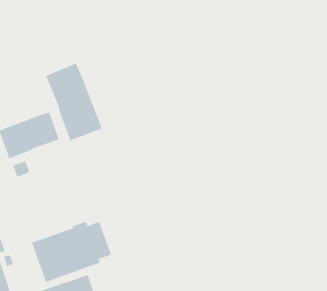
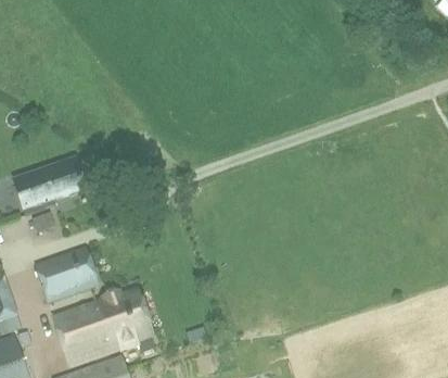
building: [45,63,102,141] -> none
building: none -> [36,244,99,300]

